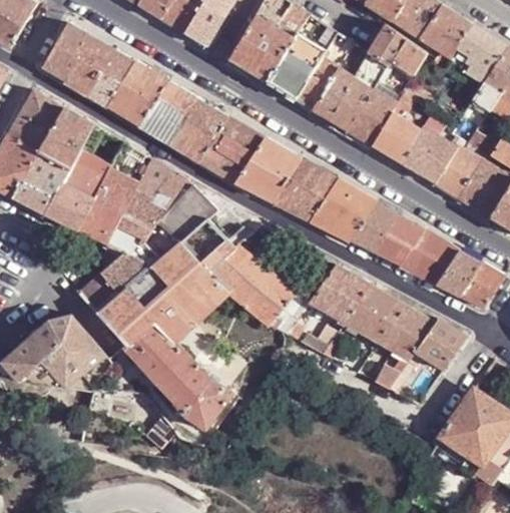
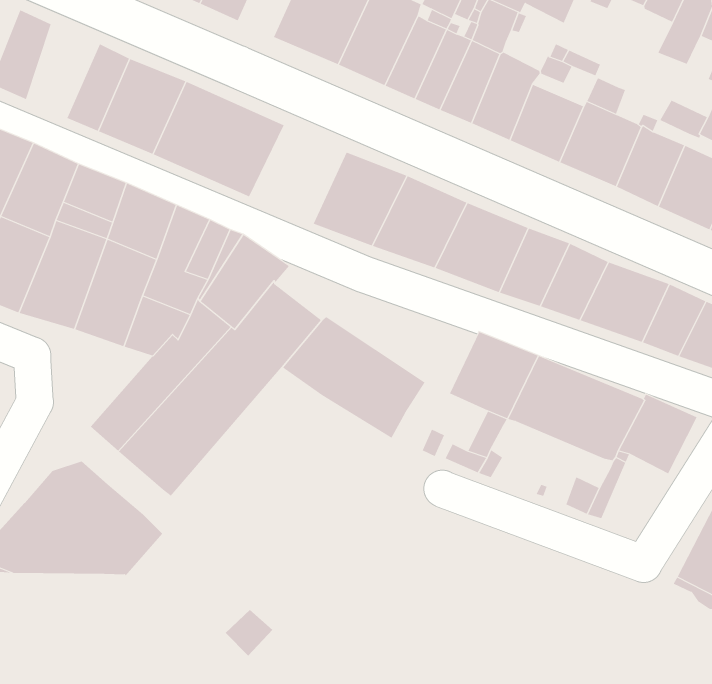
building: [64,33,115,94] -> none
building: [198,116,264,181] -> none
building: [122,271,231,429] -> none

